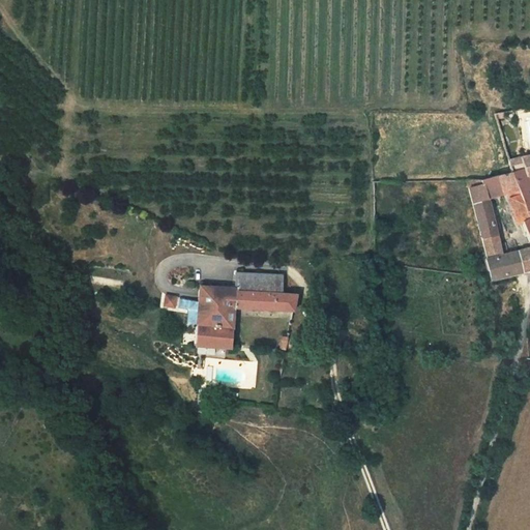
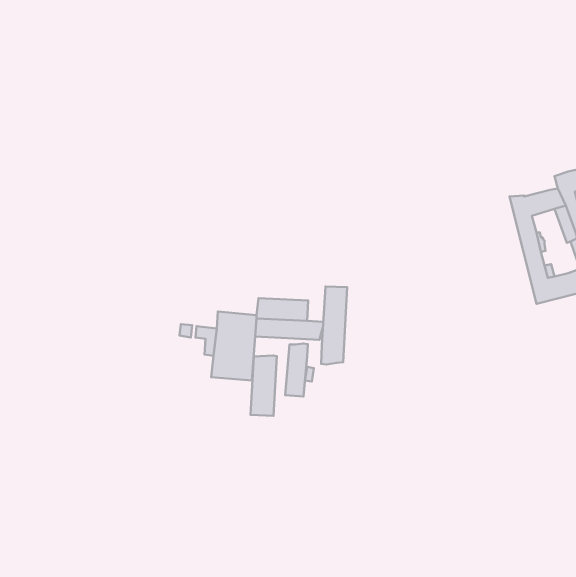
building: none -> [321,286,347,364]
building: none -> [285,344,308,397]
building: none -> [251,356,277,416]

